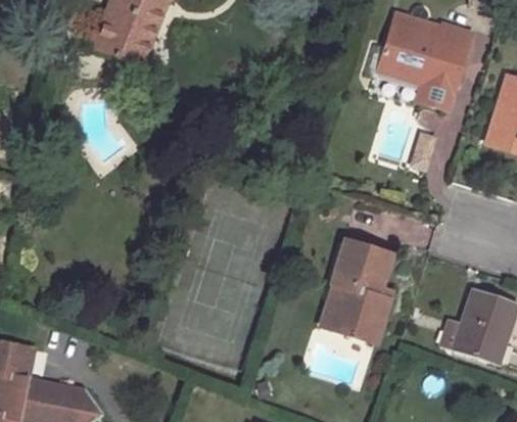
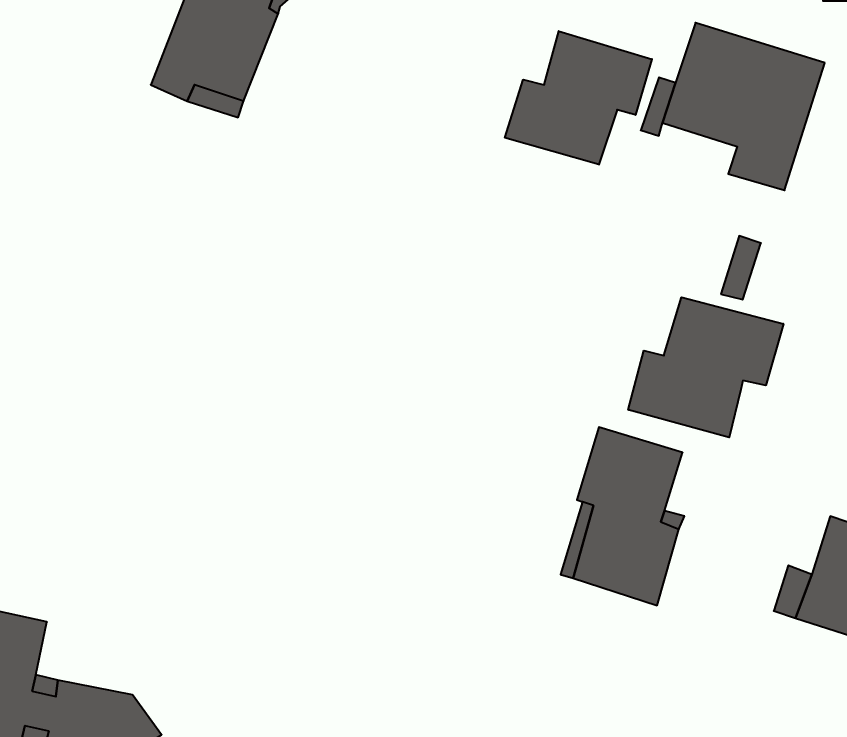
building: none -> [505,31,652,165]
building: none -> [628,297,783,437]

